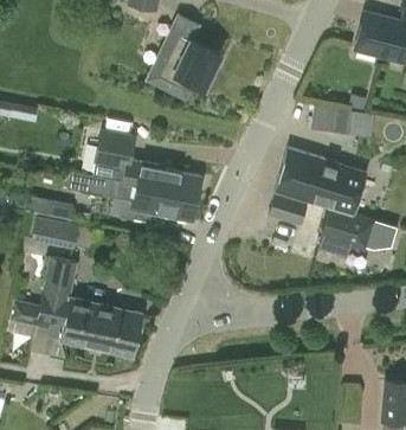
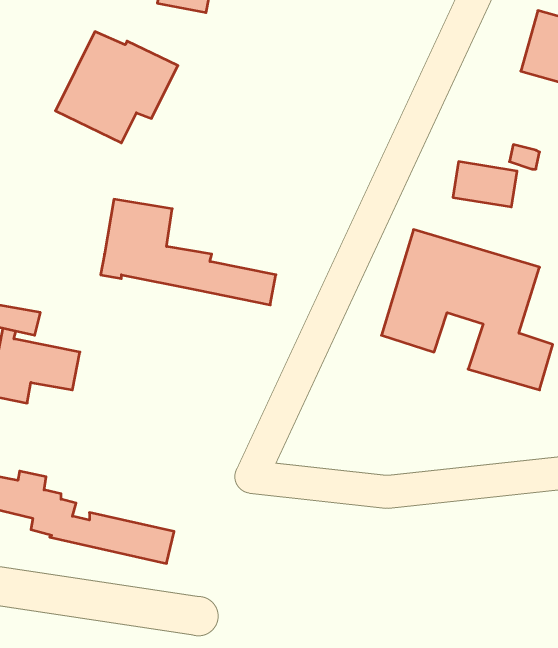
building: [144,32,221,102] -> [55,32,178,143]
building: [67,172,198,224] -> none
building: [40,256,143,338] -> none

